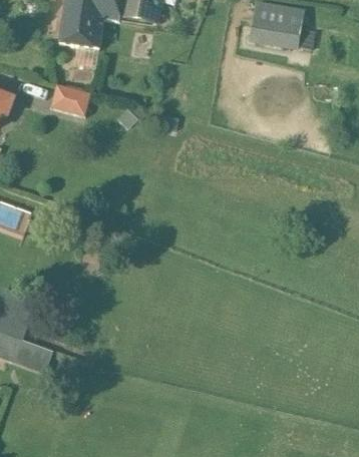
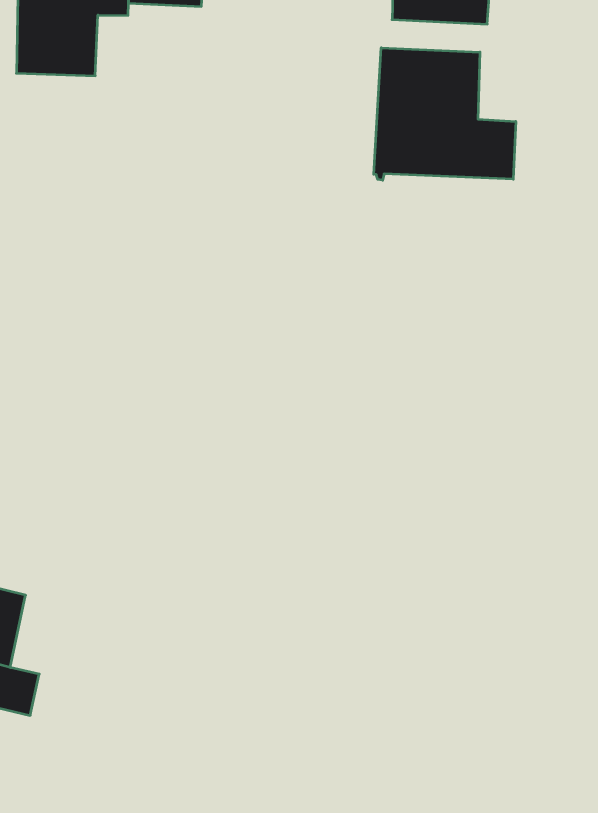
building: none -> [374,48,516,180]
building: [49,82,89,114] -> none

